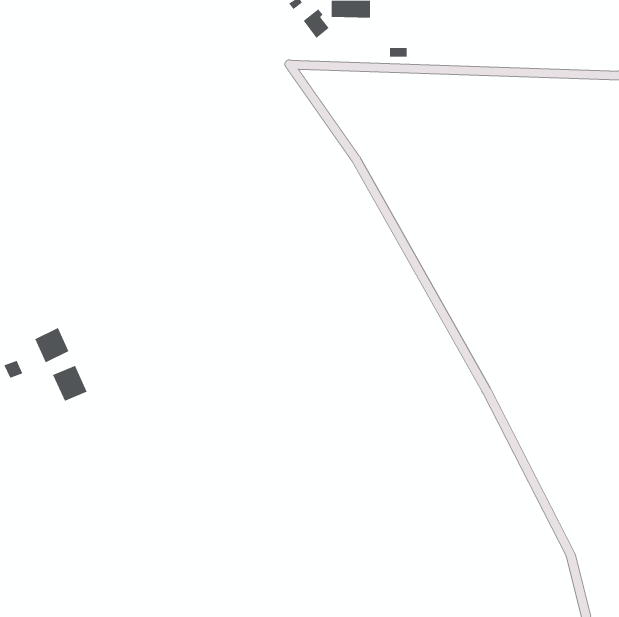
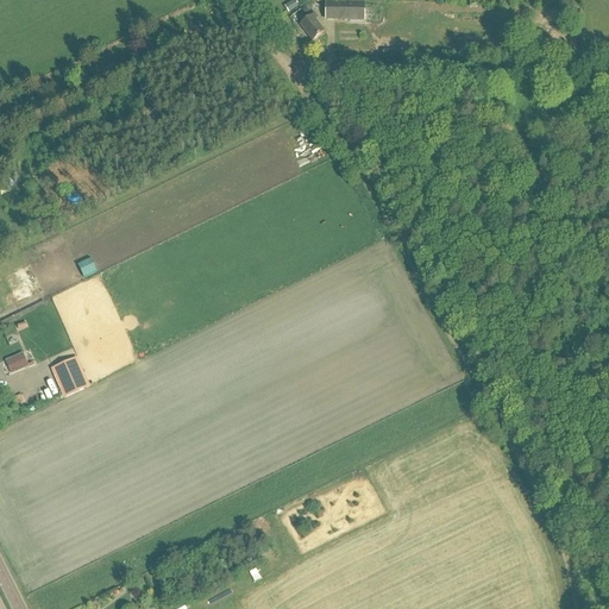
building: [35,327,69,363] -> none

